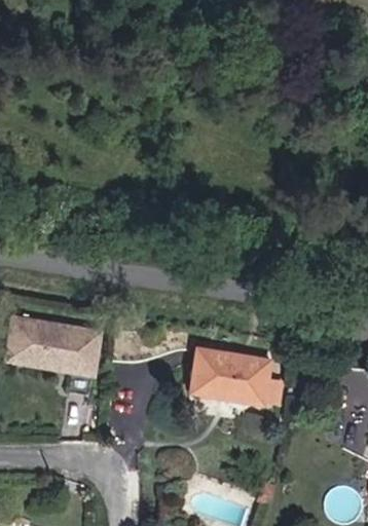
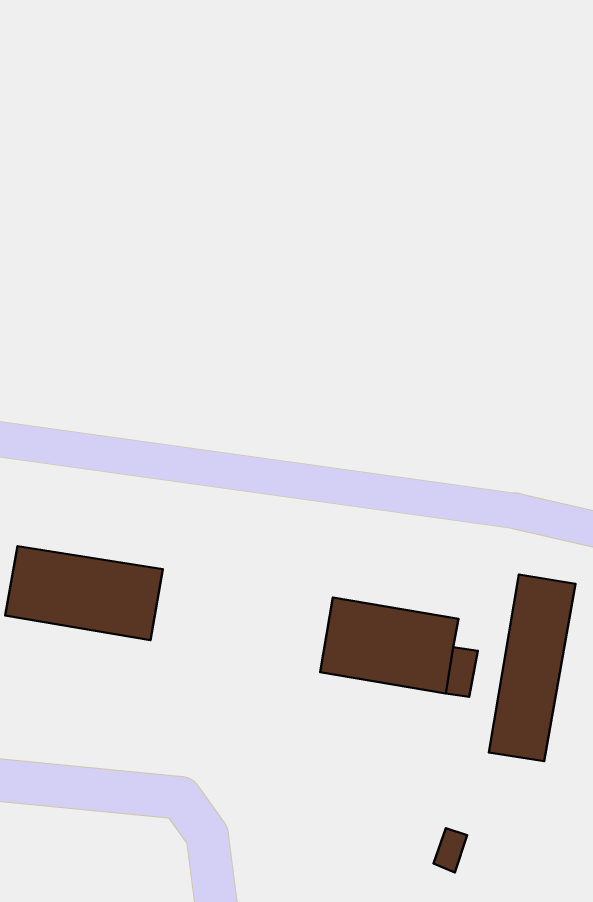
building: none -> [489,574,576,761]

